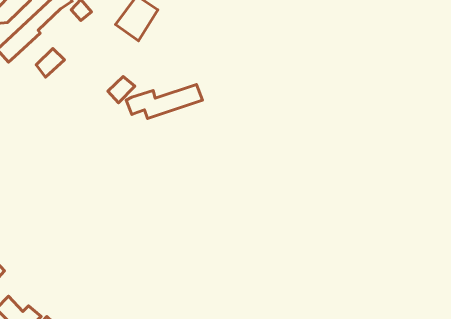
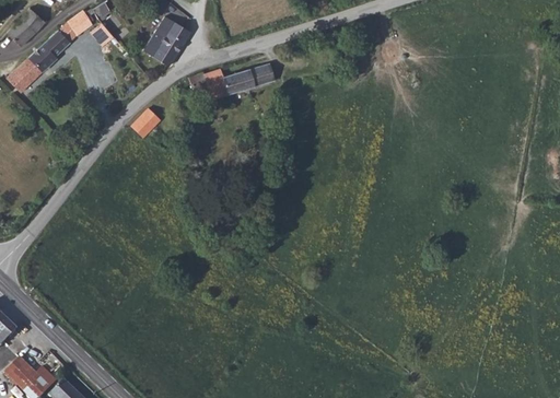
building: [36,48,64,77] -> none
building: [126,85,202,118] -> [190,61,277,100]

